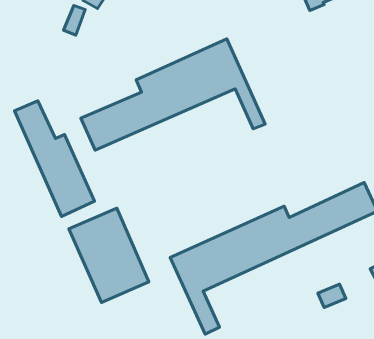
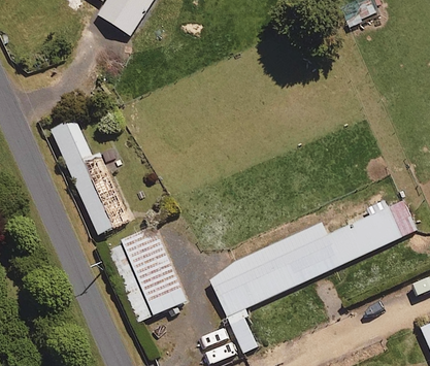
building: [81,39,265,150] -> none

